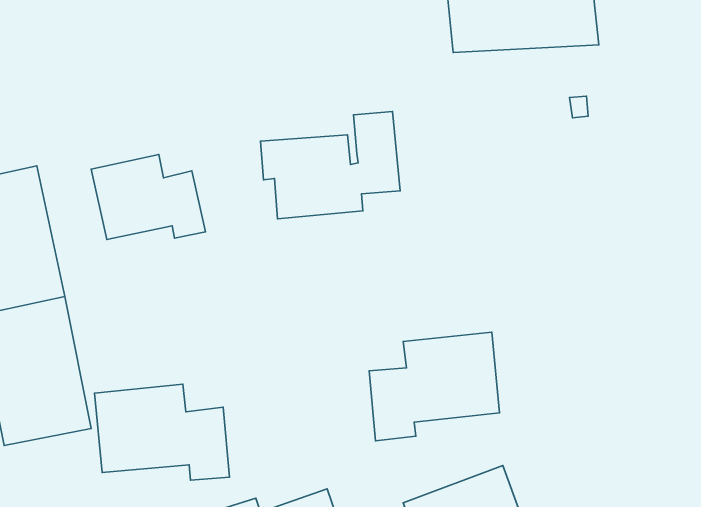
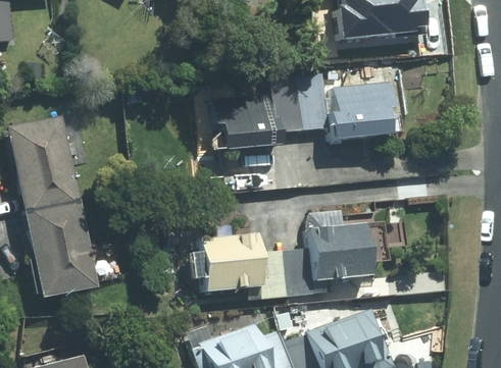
building: none -> [297,76,389,140]
building: [91,155,206,239] -> none
building: [94,384,229,480] -> [197,233,286,297]

